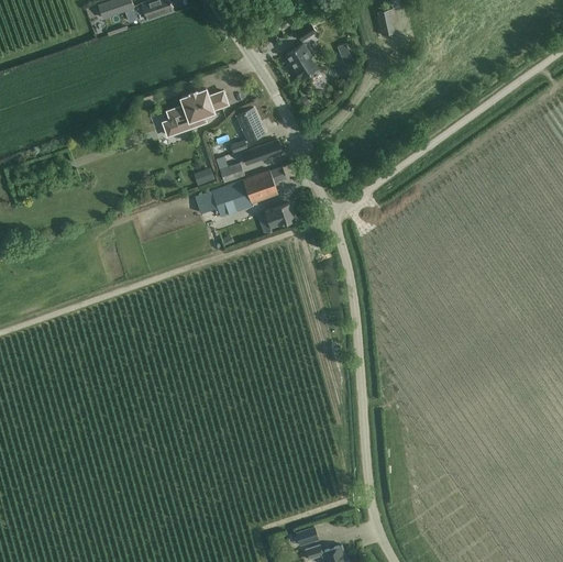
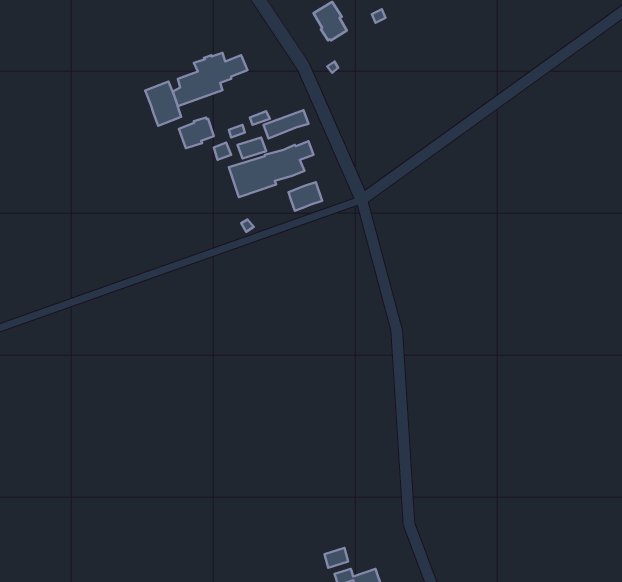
building: [235,108,265,142] -> none
building: none -> [145,81,181,126]
building: none -> [179,117,214,148]

